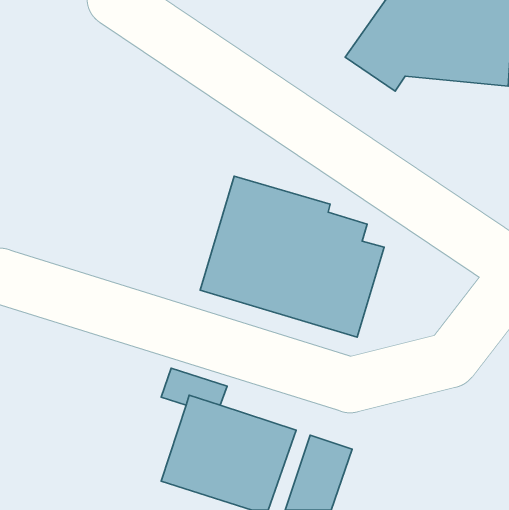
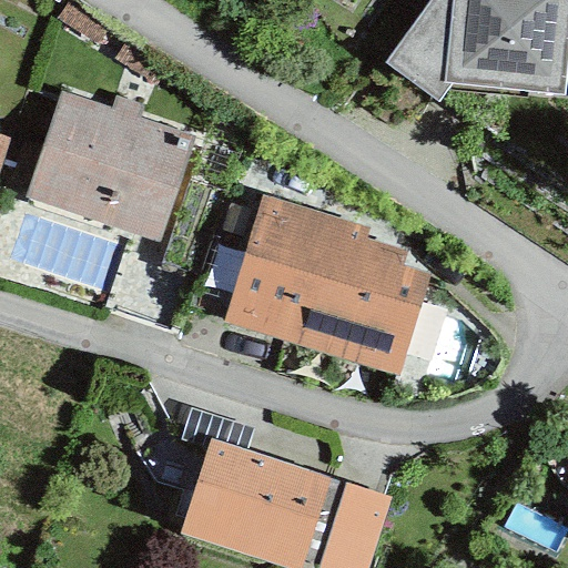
building: none -> [23,91,195,243]

